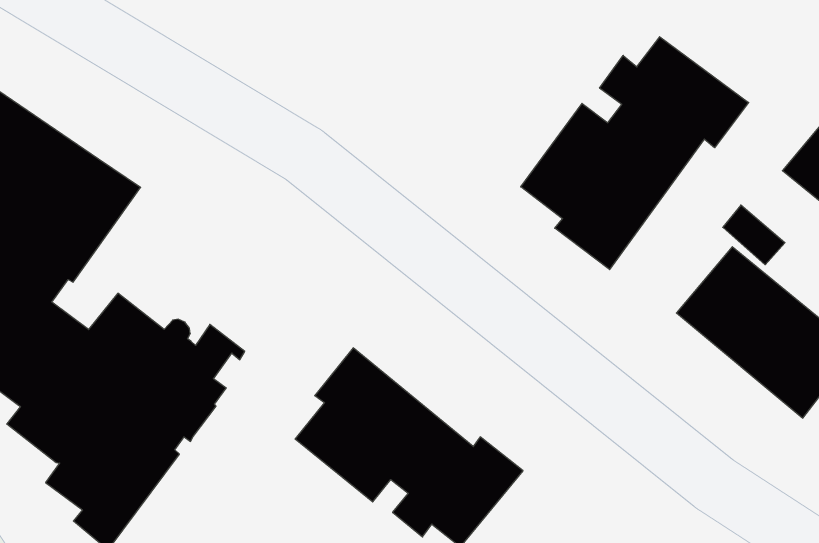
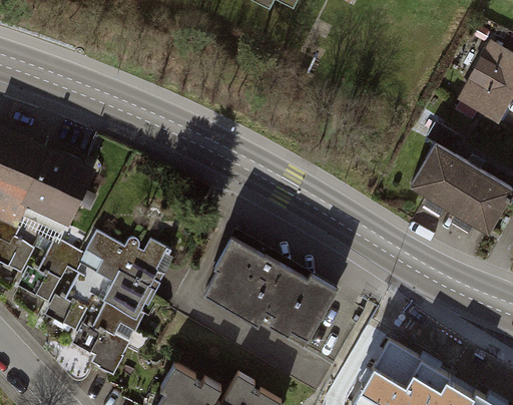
building: [521,37,749,270] -> none

